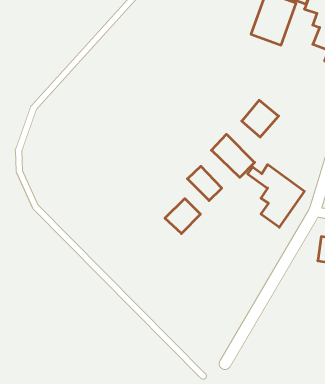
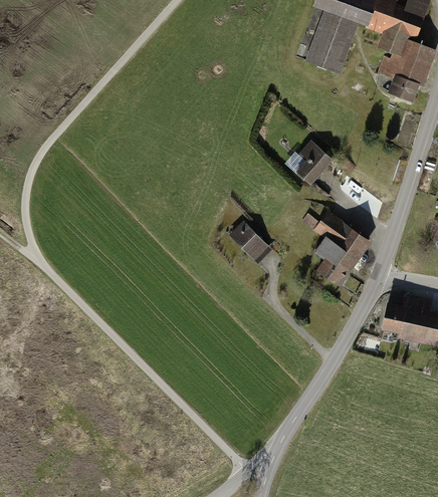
building: [211,134,255,177] -> none
building: [165,199,200,234] -> none

